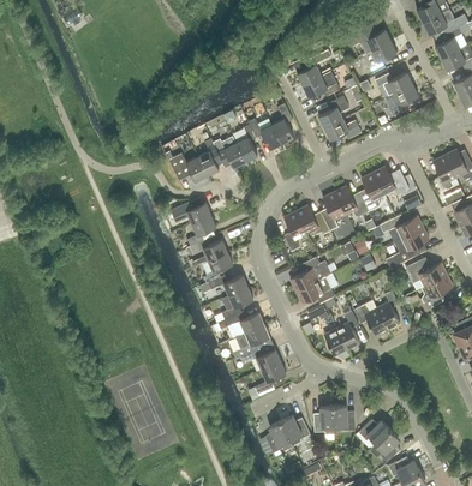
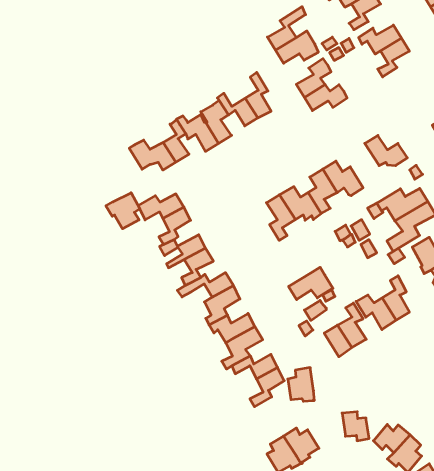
building: [358,172,383,210] -> none
building: none -> [106,193,140,229]
building: [289,256,330,290] -> none
building: [312,404,334,433] -> [288,368,314,401]

